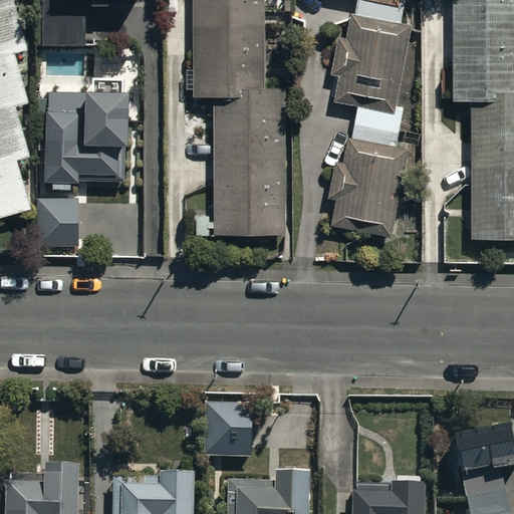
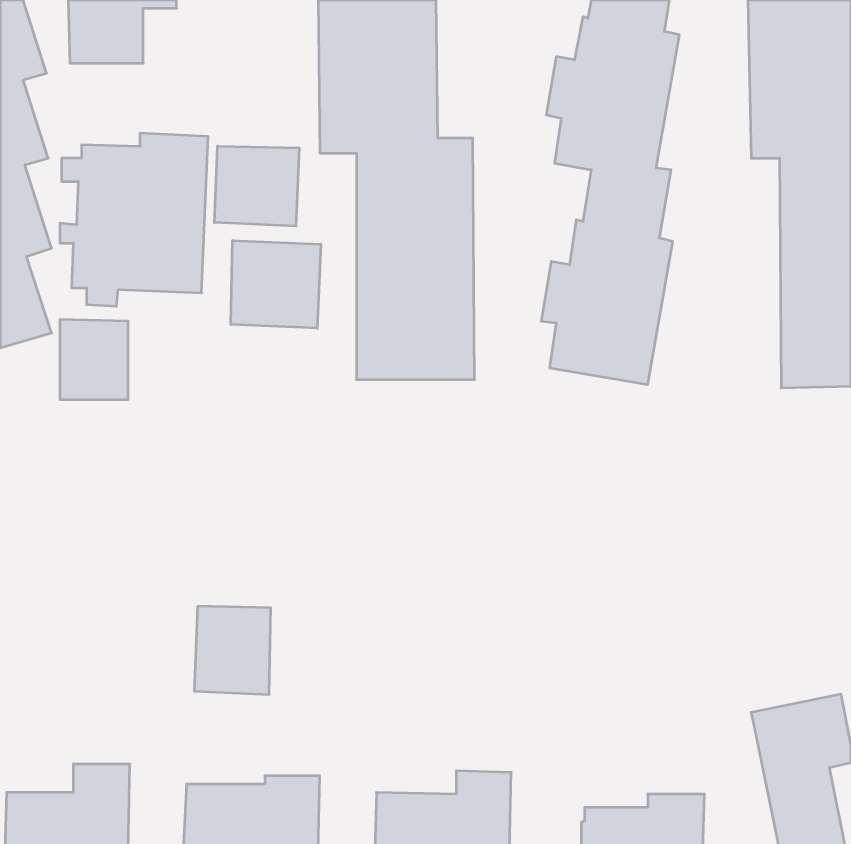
building: none -> [214,146,299,226]
building: none -> [231,240,321,328]
building: [204,405,250,458] -> [194,606,271,694]

